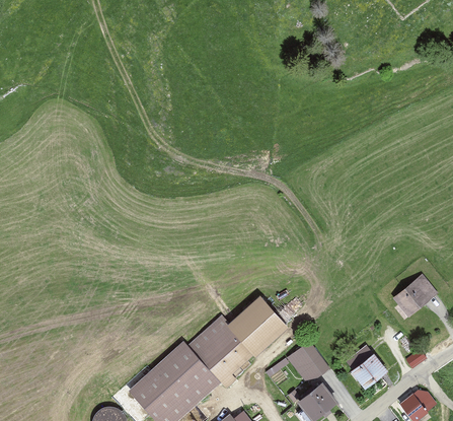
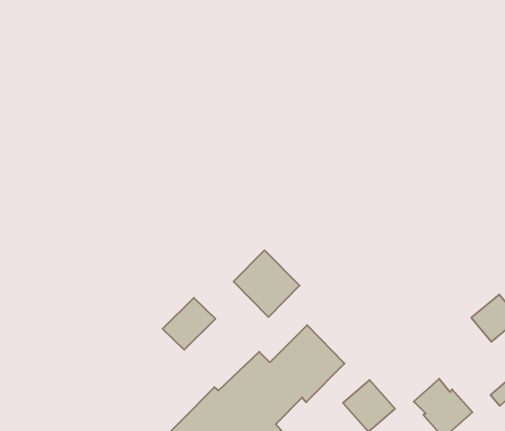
building: none -> [234,250,300,317]
building: none -> [163,298,215,350]

